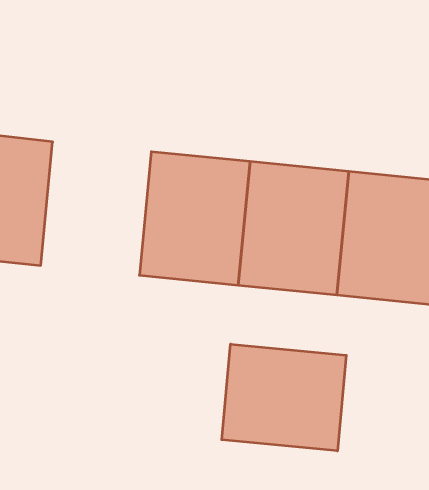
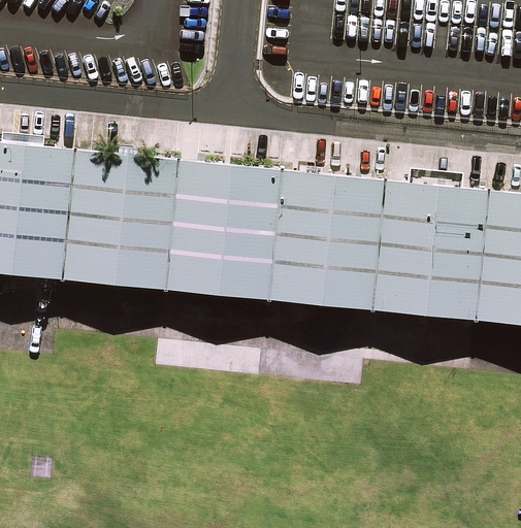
building: none -> [63,150,178,289]
building: [222,344,346,451] -> none

